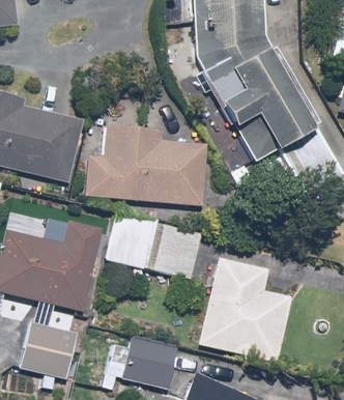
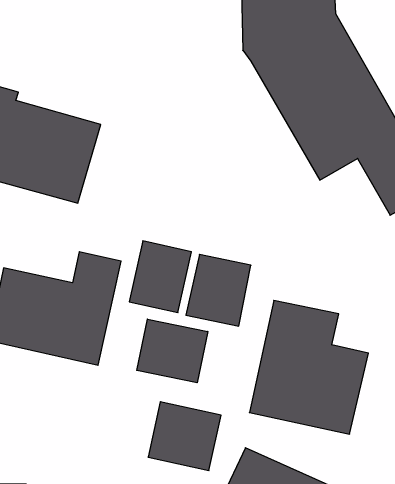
building: [85,127,203,203] -> none
building: none -> [137,319,208,383]
building: [21,321,75,377] -> none

